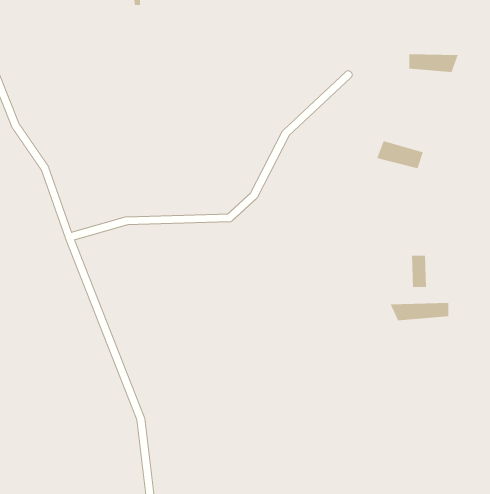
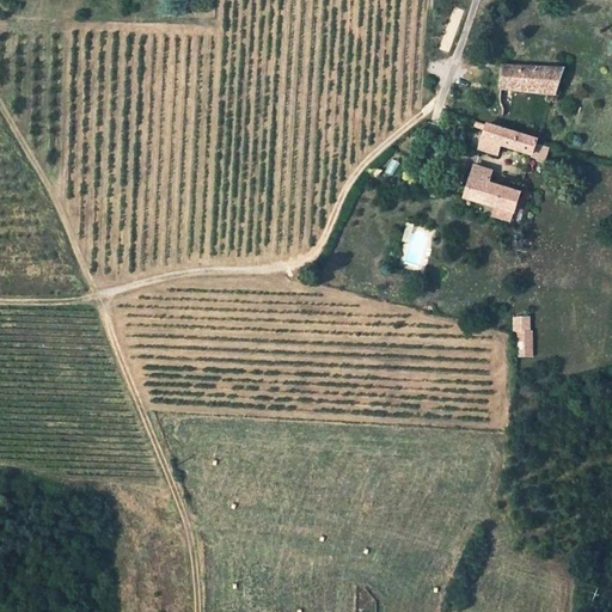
building: none -> [481,124,539,153]
building: [389,302,449,321] -> none

